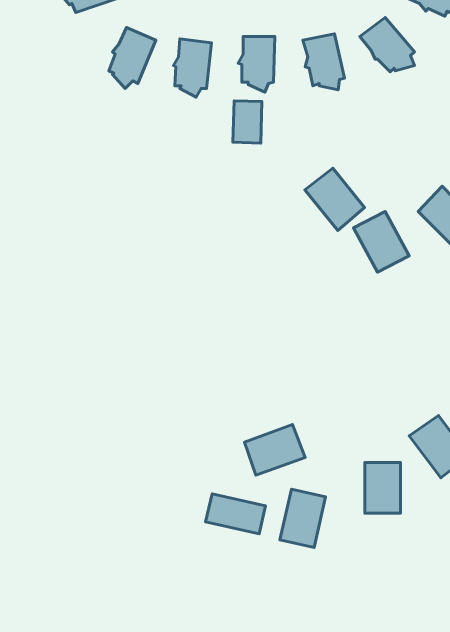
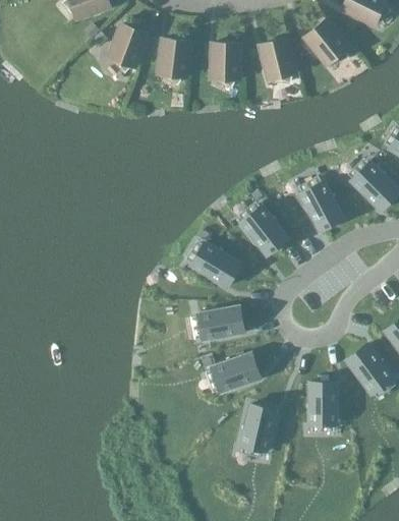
building: [233,101,262,143] -> none
building: [305,168,365,230] -> [240,206,288,255]
building: none -> [191,241,241,287]
building: none -> [198,305,244,340]
building: [206,494,265,534] -> none

